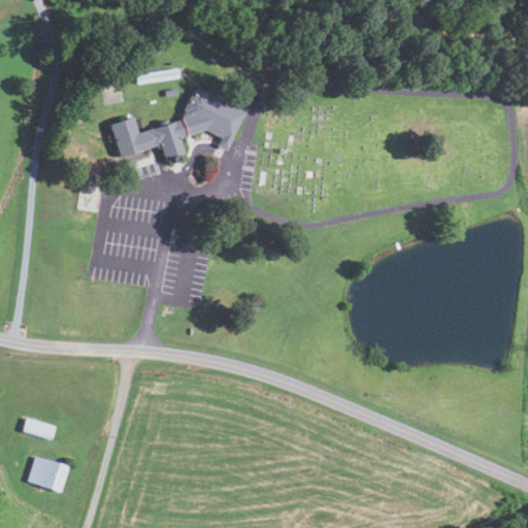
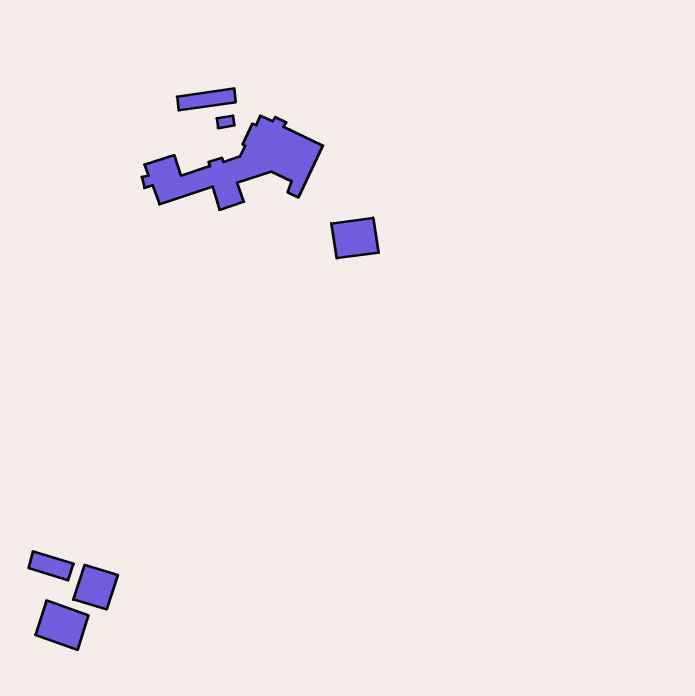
building: none -> [331,218,379,258]
building: none -> [73,565,118,609]

